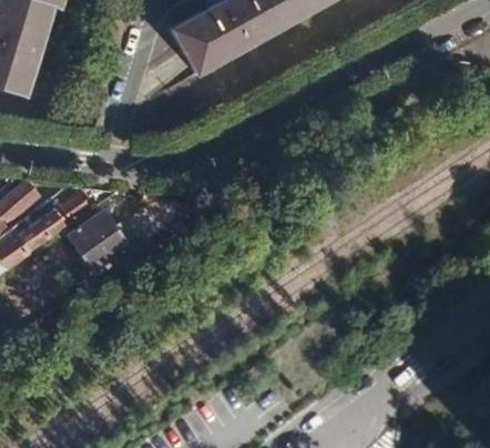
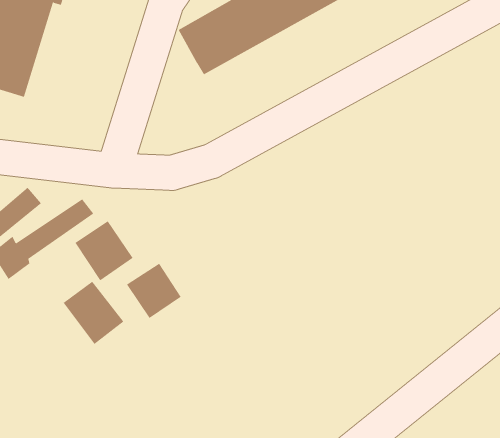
building: none -> [126,263,181,319]
building: none -> [63,281,124,345]

